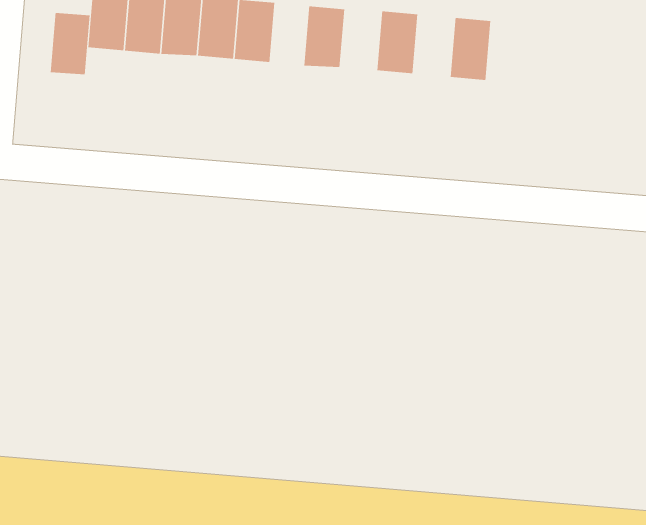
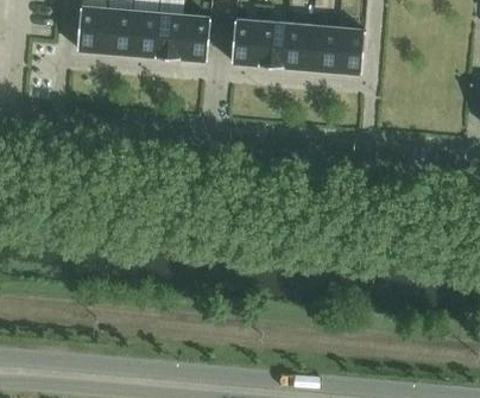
building: none -> [255,21,285,65]
building: [50,12,90,75] -> none
building: none -> [308,25,337,70]

